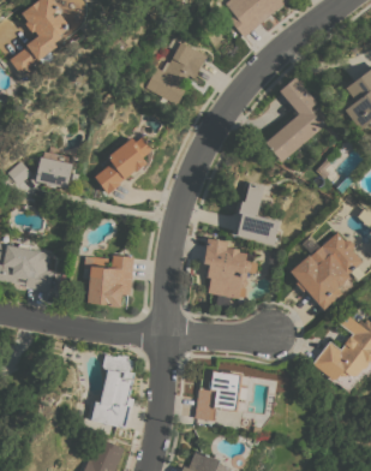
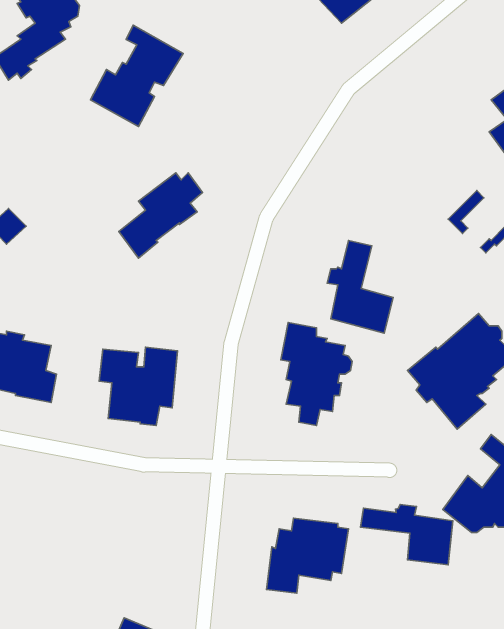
building: [144,37,207,106] -> [90,25,183,127]
building: [264,77,324,162] -> none
building: [35,151,72,189] -> none
building: [85,352,136,429] -> none
building: none -> [361,504,453,565]

